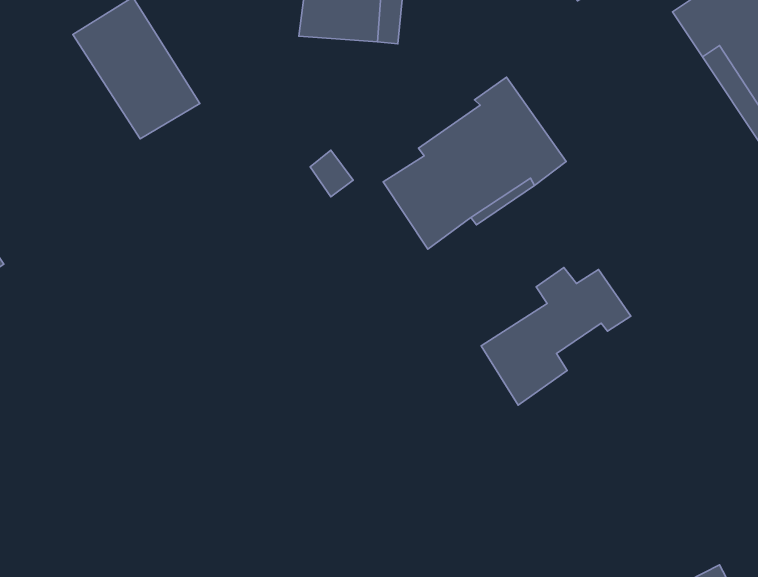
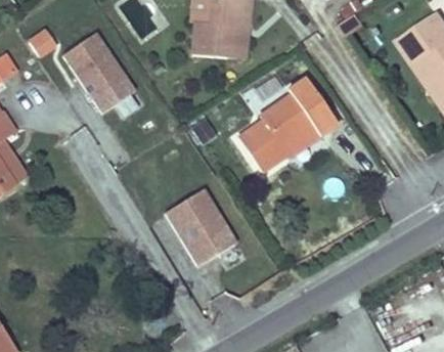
building: [481,268,631,405] -> none
building: none -> [168,187,236,263]

